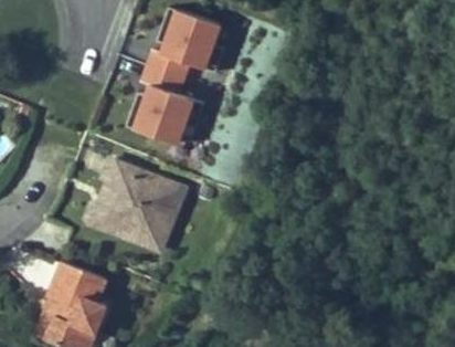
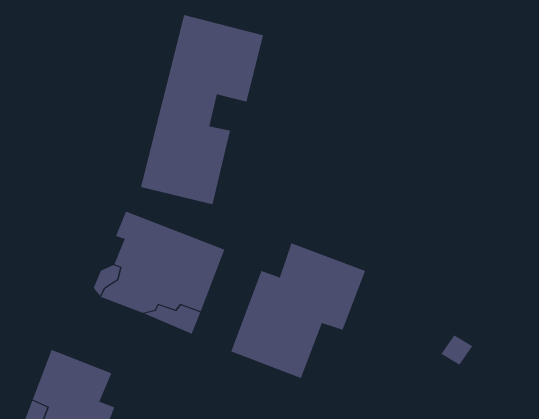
building: none -> [231,242,366,379]

